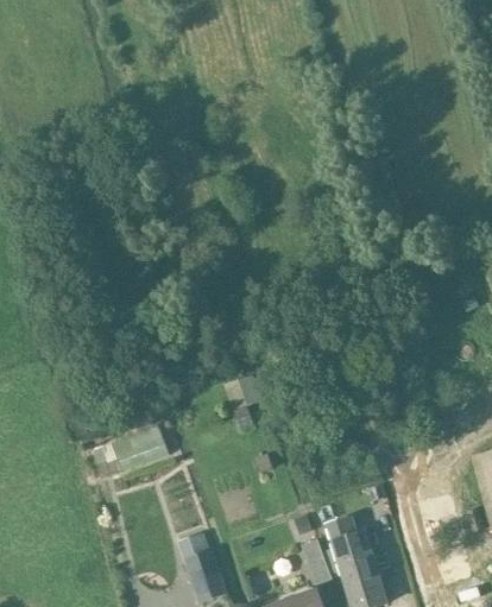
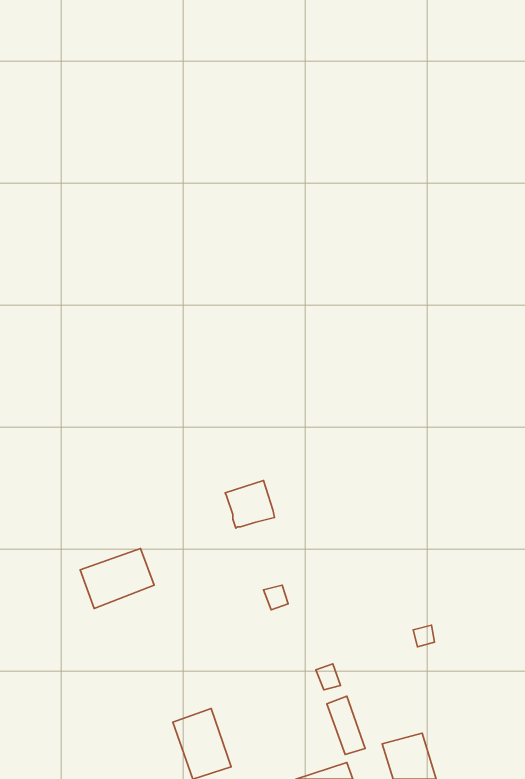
building: [324,517,374,576] -> none

